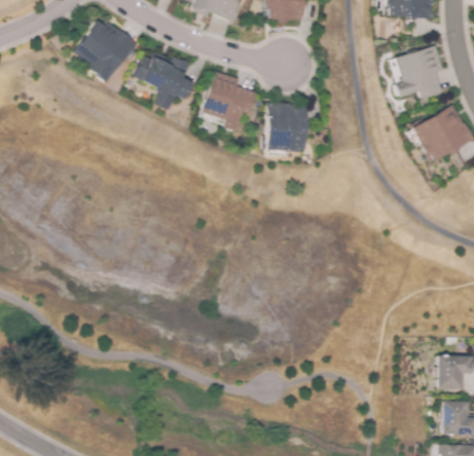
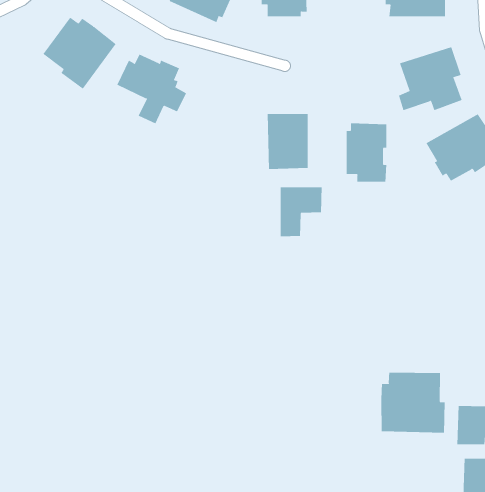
building: [206,69,260,131] -> none
building: none -> [346,122,387,183]
building: none -> [280,187,322,237]
building: none -> [381,372,445,433]

